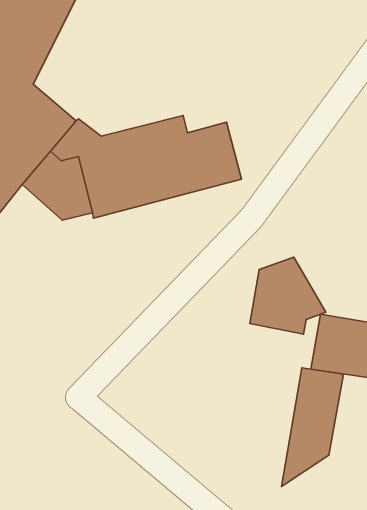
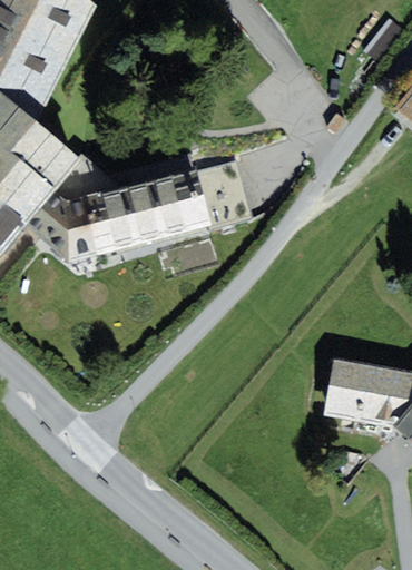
building: [250,257,326,334] -> none
building: [282,368,344,487] -> none

